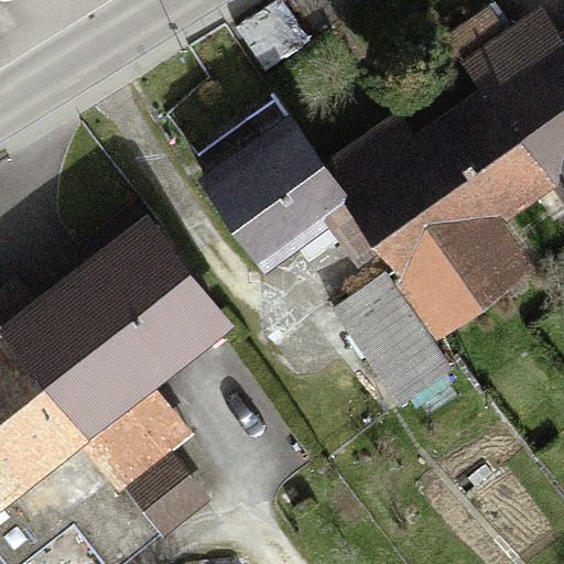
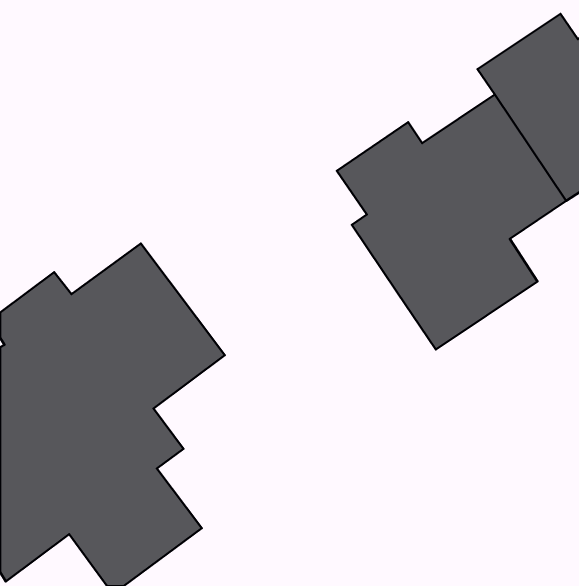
building: [205,112,345,253] -> none
building: [336,279,447,401] -> none

